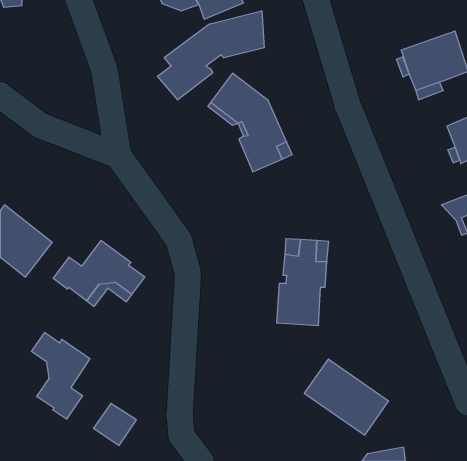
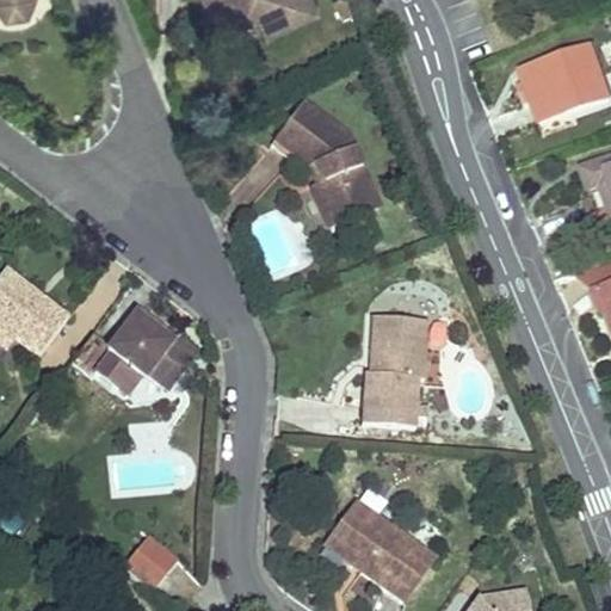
building: [157,11,264,100] -> none
building: [32,332,90,419] -> none
building: [304,359,389,435] -> [326,498,436,597]

